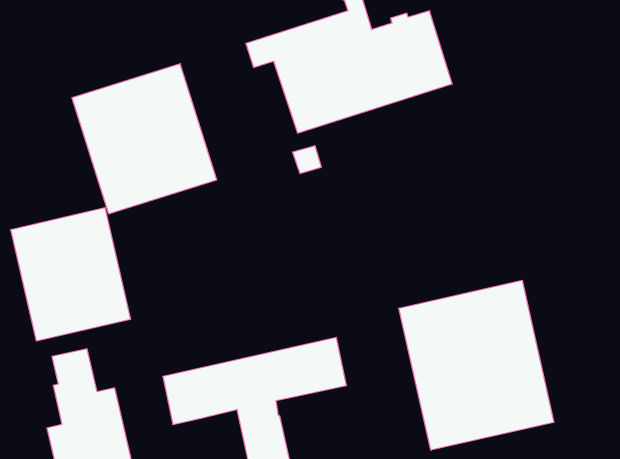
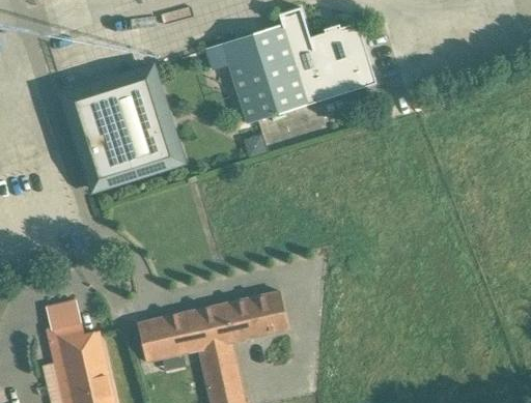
building: [11,208,131,341] -> none
building: [399,280,554,450] -> none

